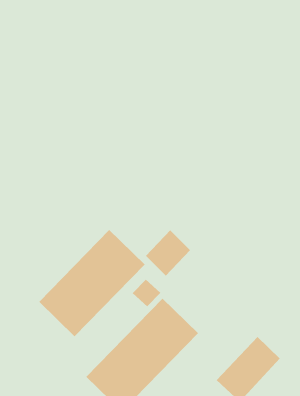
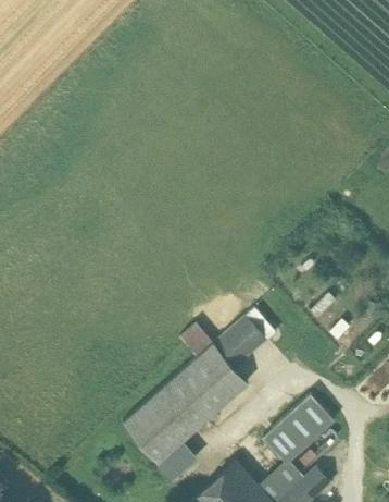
building: [38,229,145,337] -> none
building: [145,230,191,276] -> [216,316,266,366]

